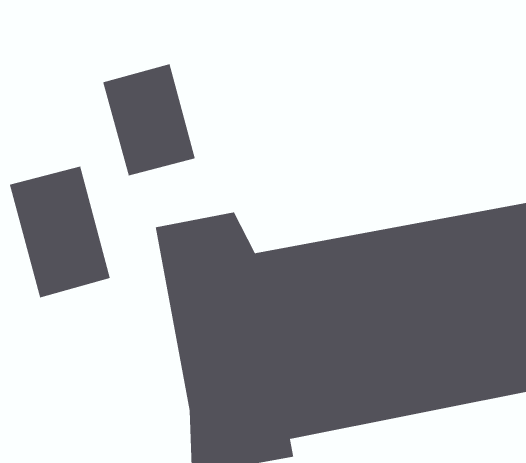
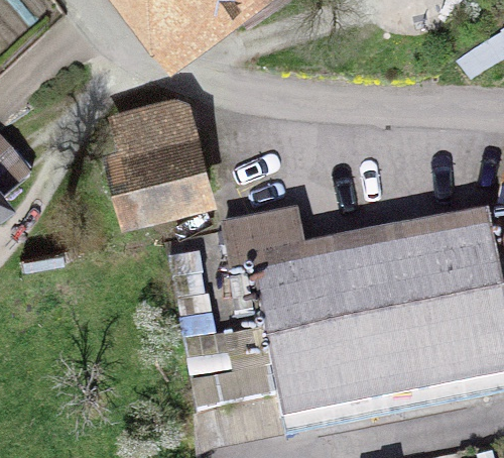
building: [9,166,111,298] -> none

